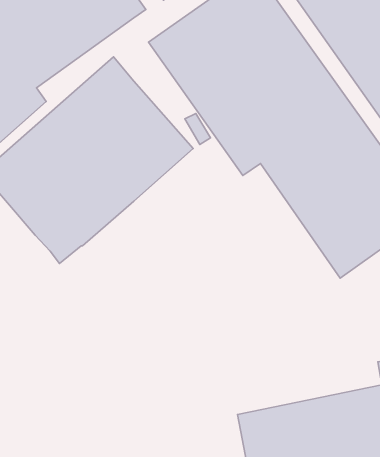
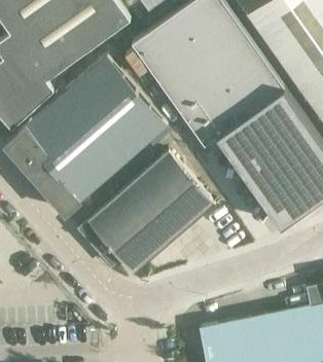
building: none -> [78,151,213,274]

